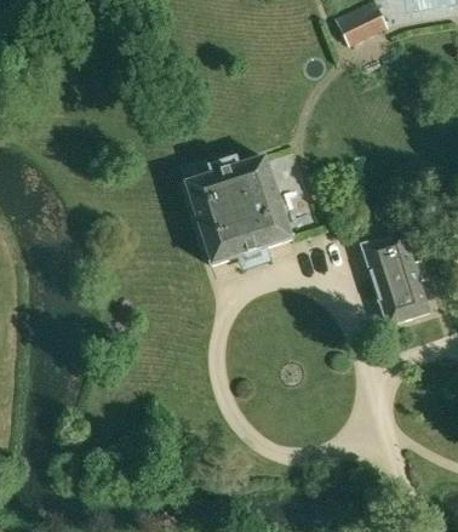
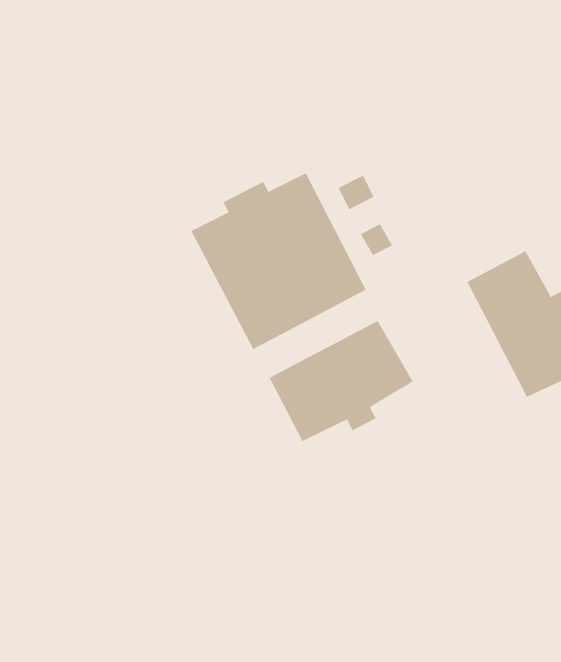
building: none -> [269,320,414,442]

